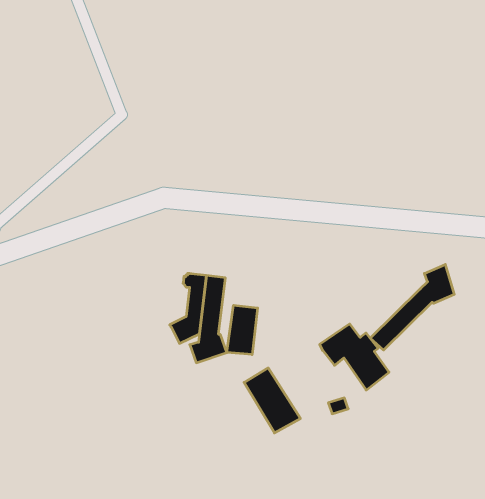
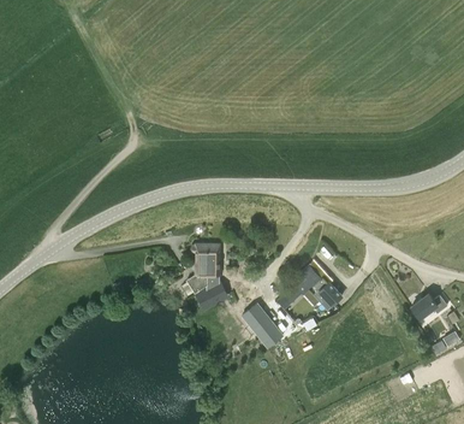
building: [370,264,454,350] -> none
building: [227,305,258,355] -> none

